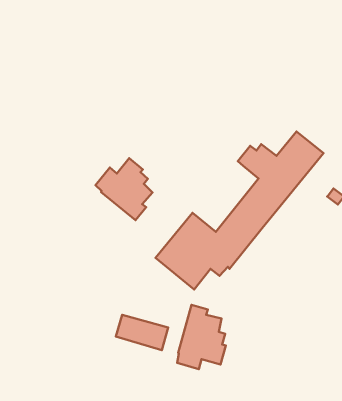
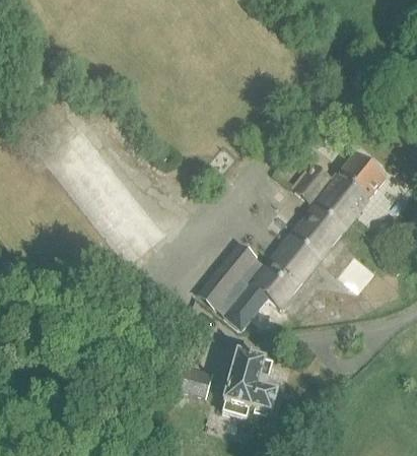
building: [96,158,153,220] -> none

